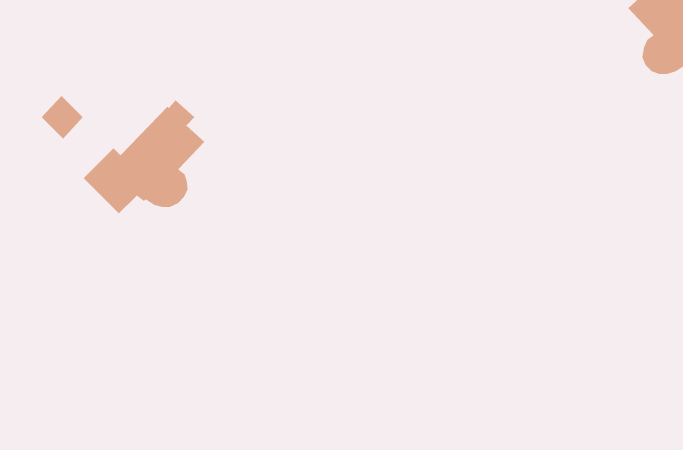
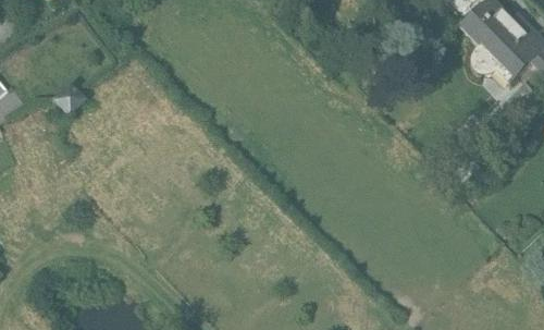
building: [83,99,205,214] -> none

